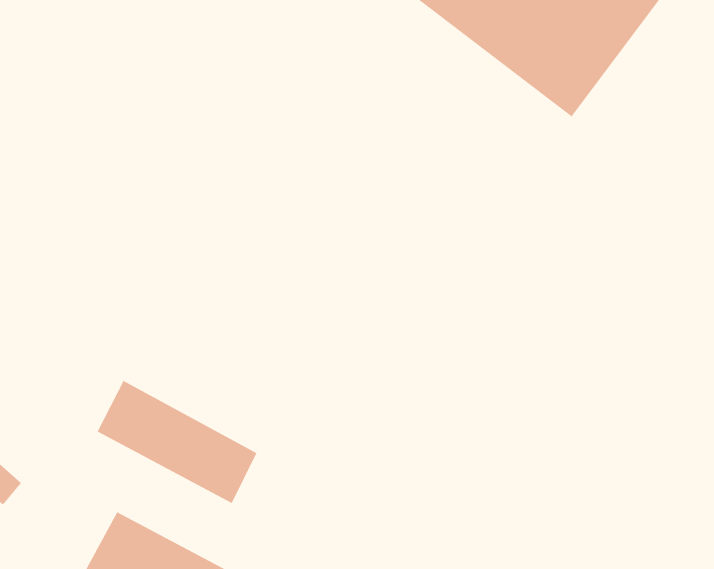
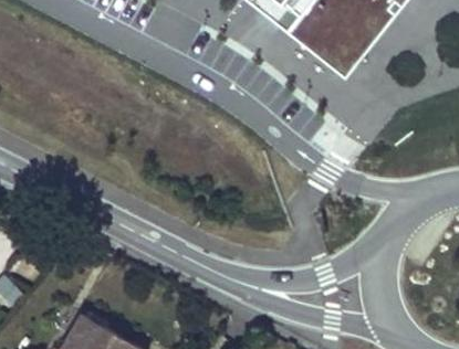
building: [96,380,257,504] -> none

